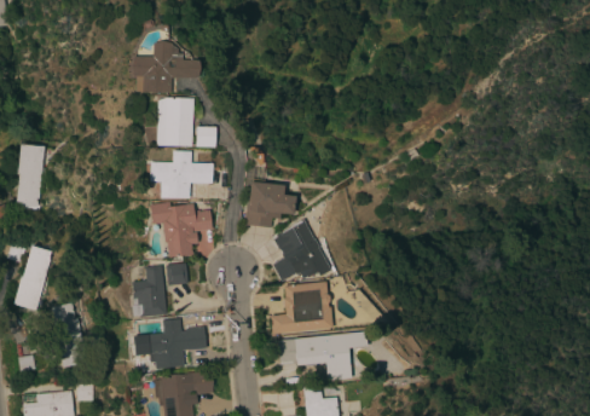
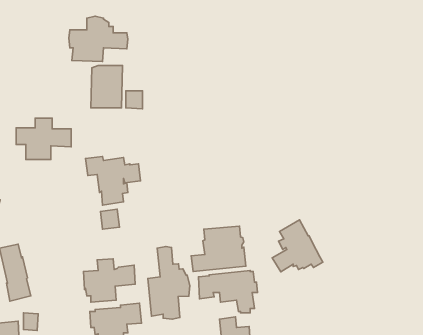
building: [150,151,213,198] -> [16,118,71,159]
building: [245,183,295,227] -> none
building: [273,221,331,281] -> [272,220,323,272]
building: [132,265,167,317] -> none
building: none -> [148,246,190,319]

